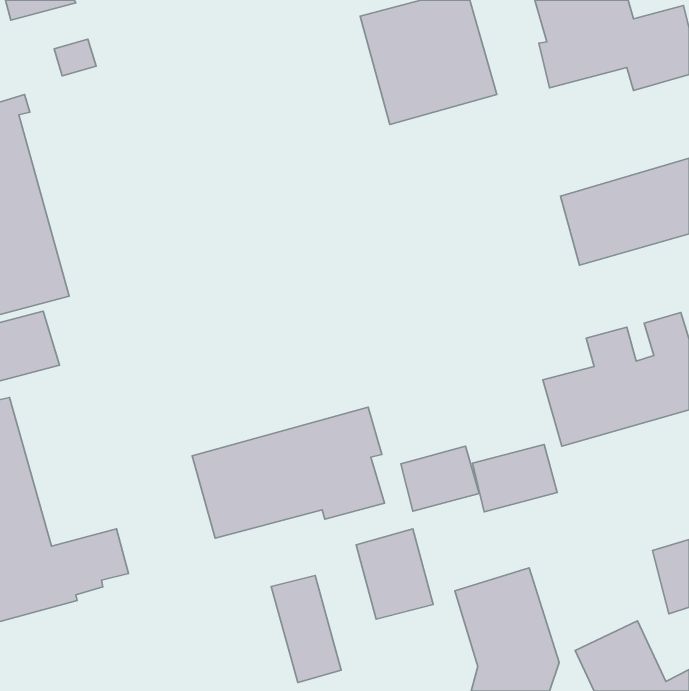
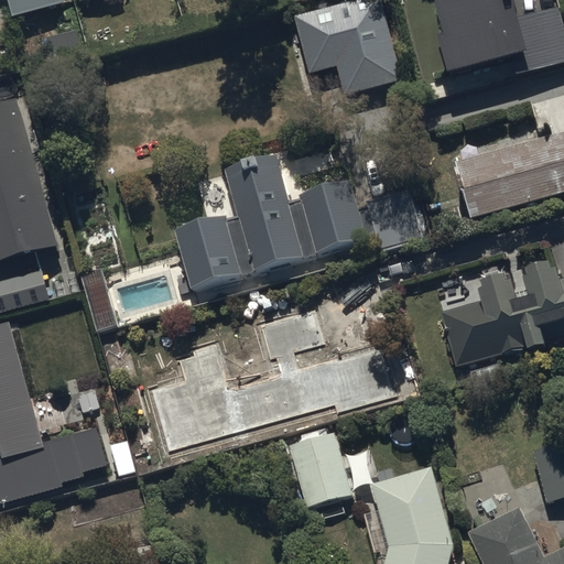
building: none -> [175,155,421,292]
building: [472,445,557,512] -> none
building: [271,576,341,683] -> none

